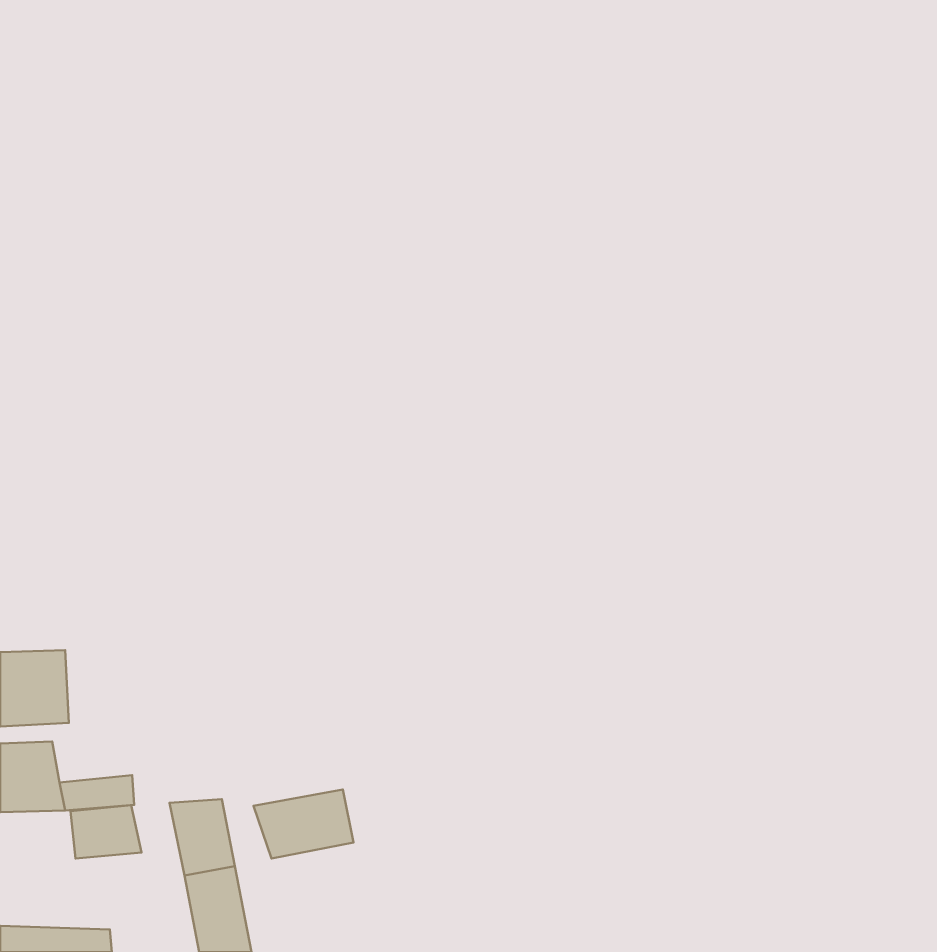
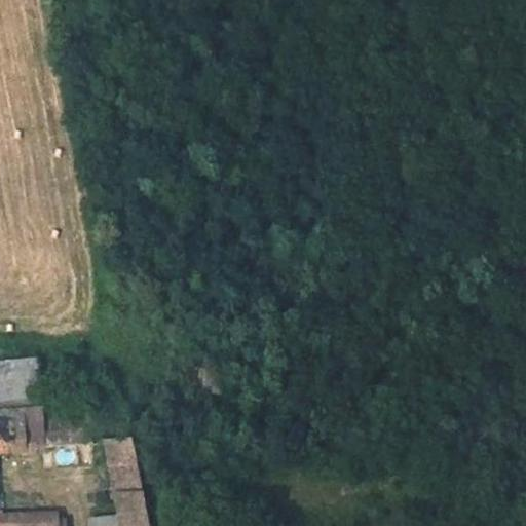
building: [253,789,354,858] -> none
building: [70,805,142,858] -> none

